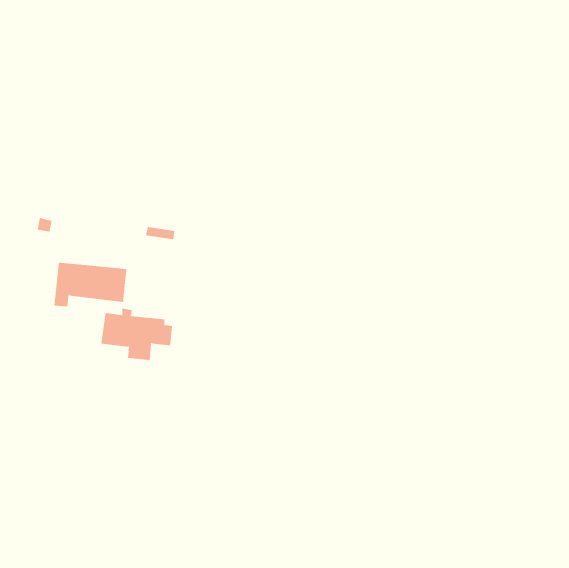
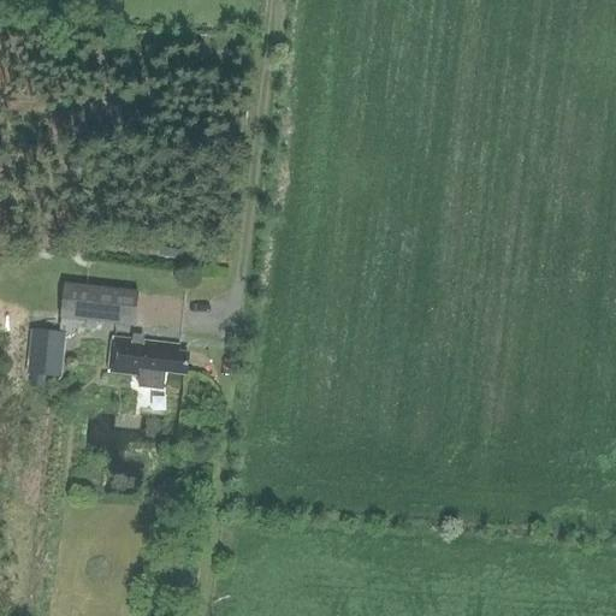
building: none -> [28,327,65,375]

